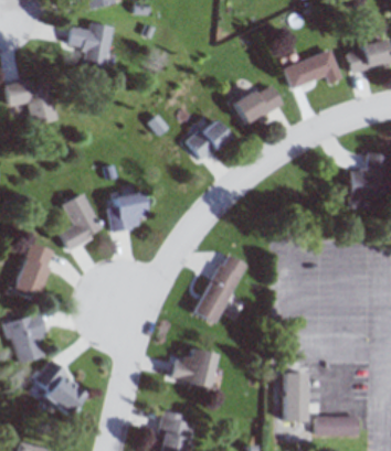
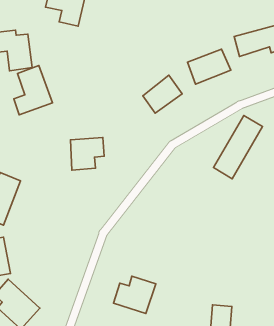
building: [60,193,104,250] -> [14,66,52,115]
building: [194,253,246,325] -> [214,115,262,179]

